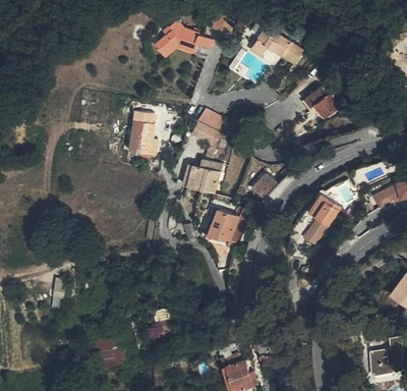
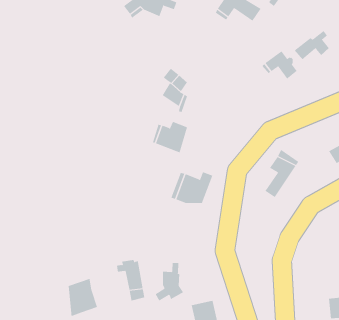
building: none -> [294,30,329,60]
building: [136,120,163,162] -> none
building: [250,171,282,198] -> none
building: none -> [155,262,184,302]

